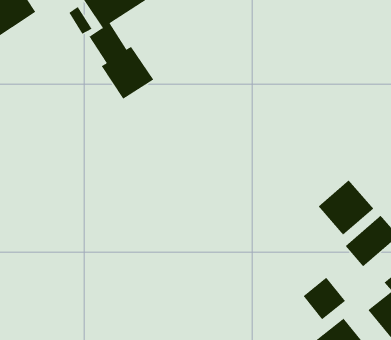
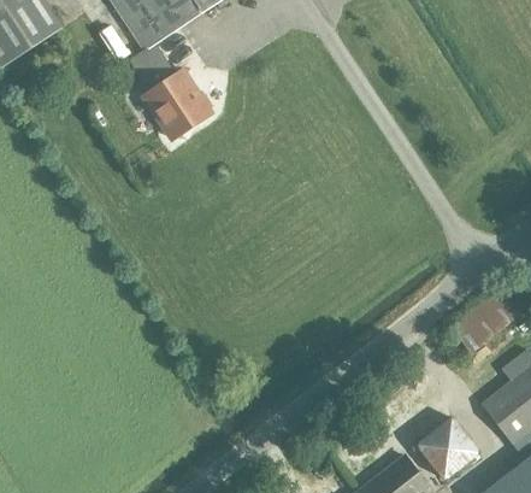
building: [318,179,374,236] -> none
building: [303,277,346,320] -> none

